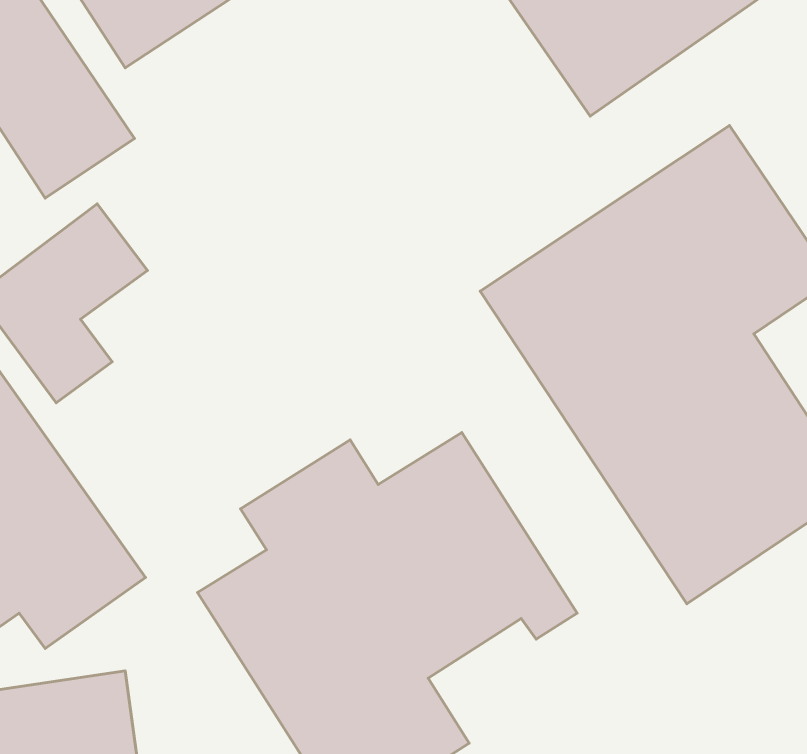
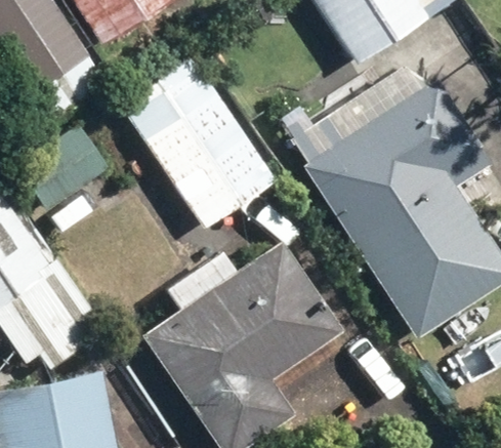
building: none -> [122,45,288,228]

